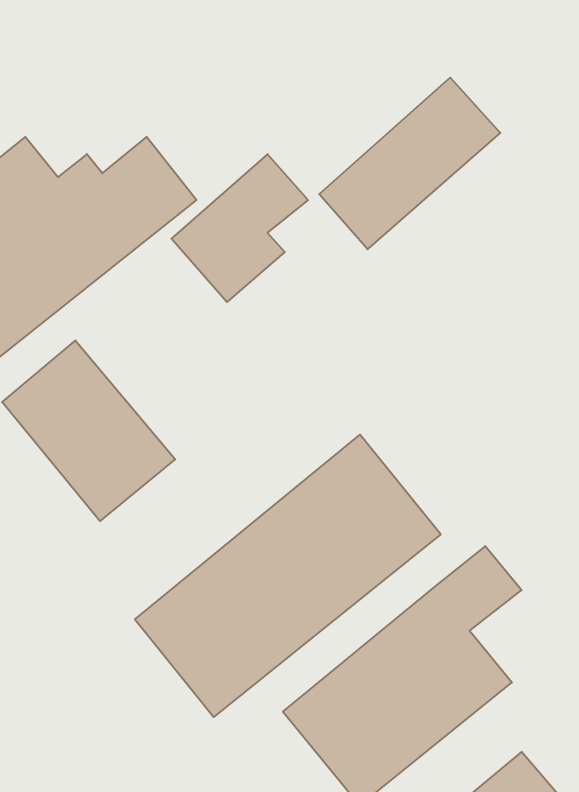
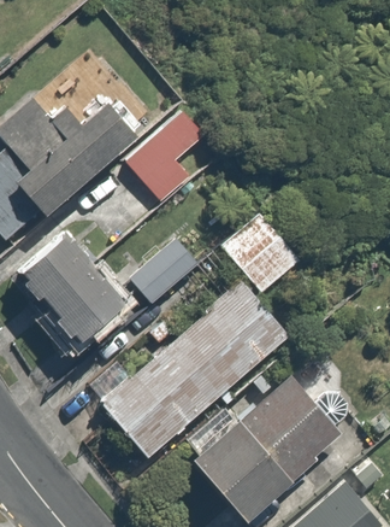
building: [319,78,500,249] -> none
building: none -> [230,226,296,292]
building: none -> [130,238,202,308]

